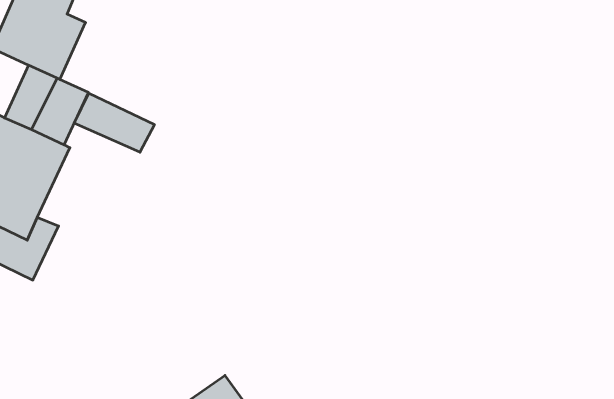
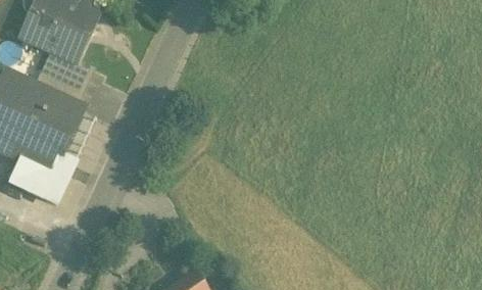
building: [74,93,154,152] -> none

